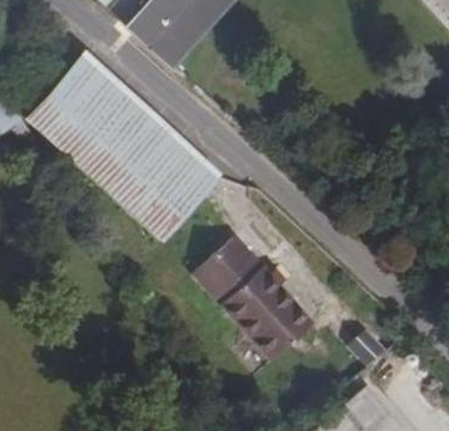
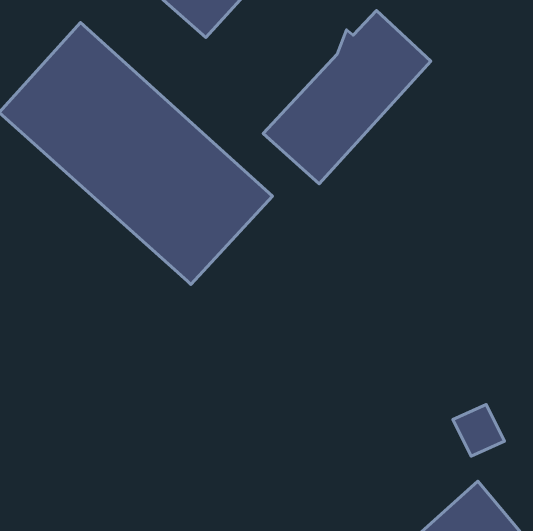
building: none -> [263,10,431,184]
building: [199,235,315,362] -> none

